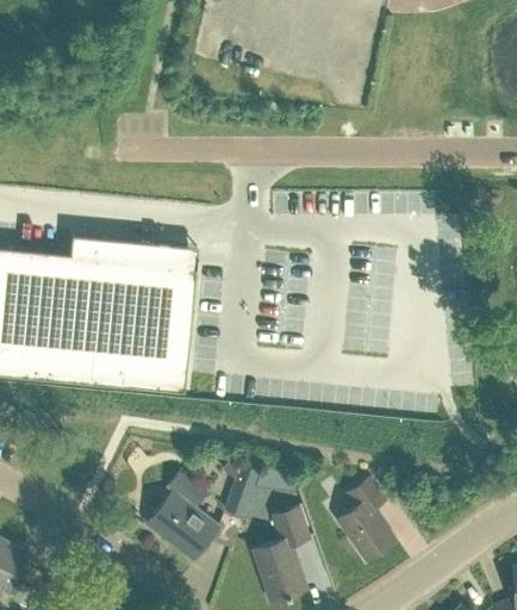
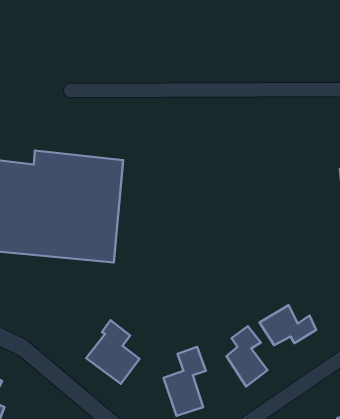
building: none -> [259,305,316,345]
building: [224,465,258,517] -> none

